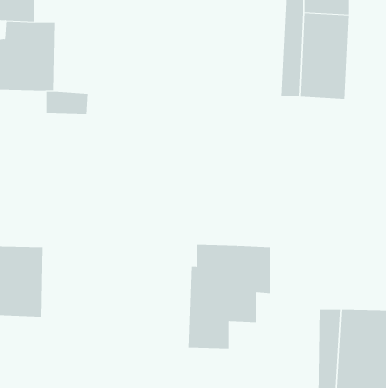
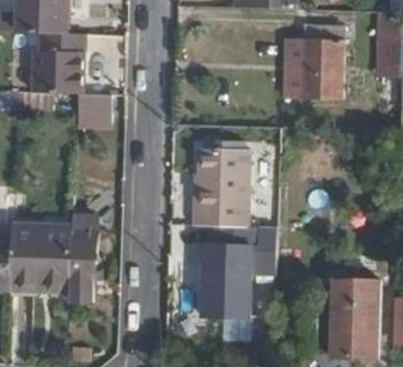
building: none -> [194,152,245,227]
building: none -> [74,218,99,300]

